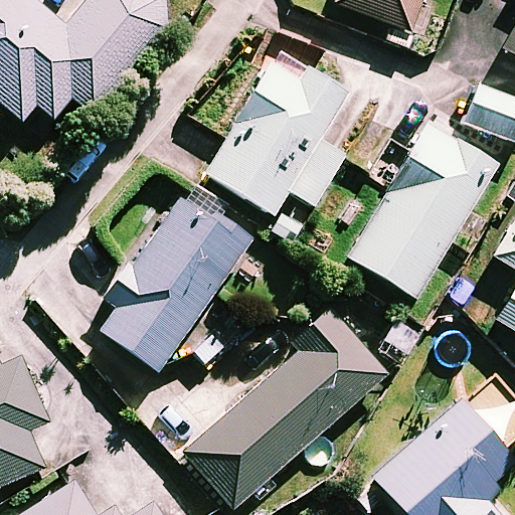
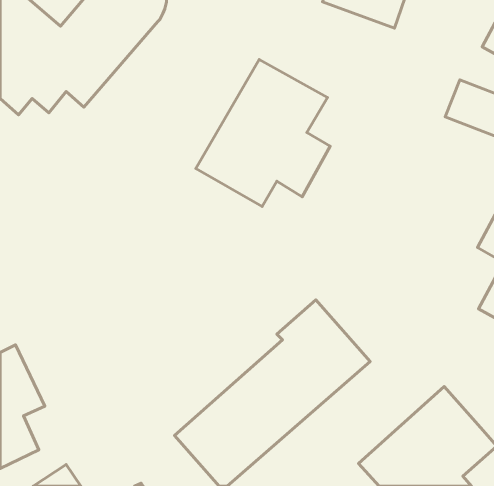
building: [347,126,496,299] -> none
building: [104,191,252,371] -> none

